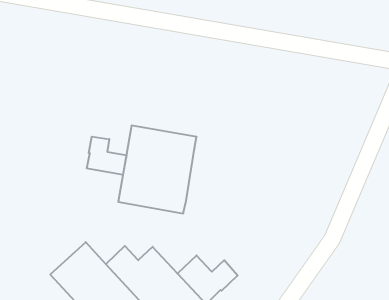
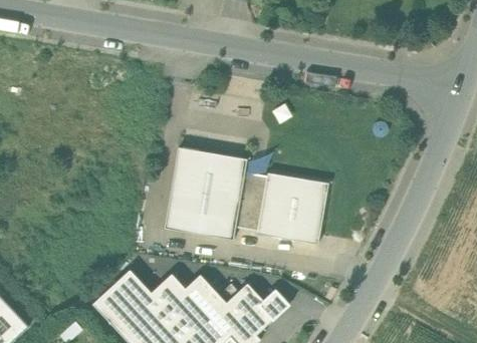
building: [87,137,126,175] -> none
building: none -> [235,170,327,243]

